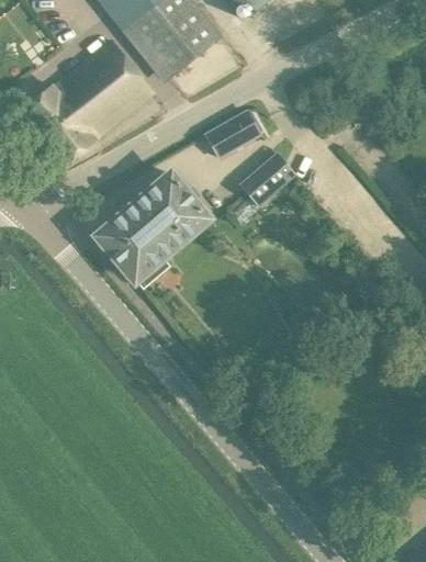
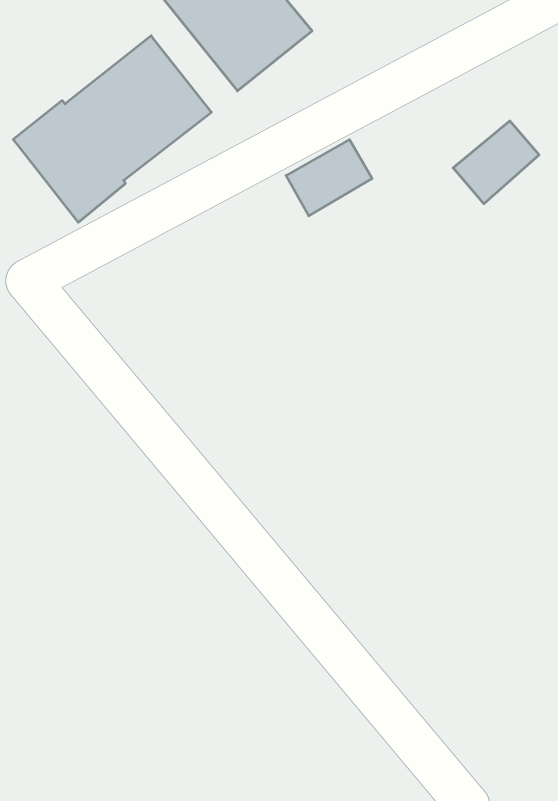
building: [237,154,295,210] -> [453,121,539,204]
building: [98,172,210,279] -> none

